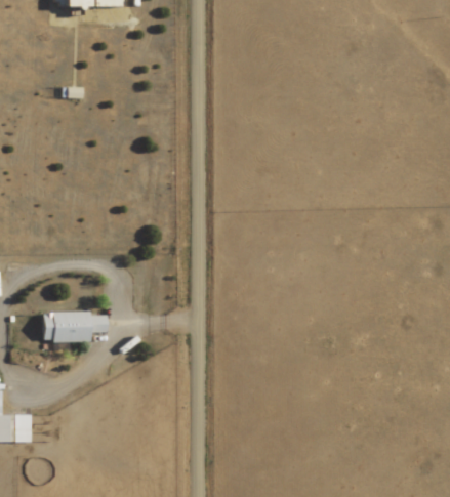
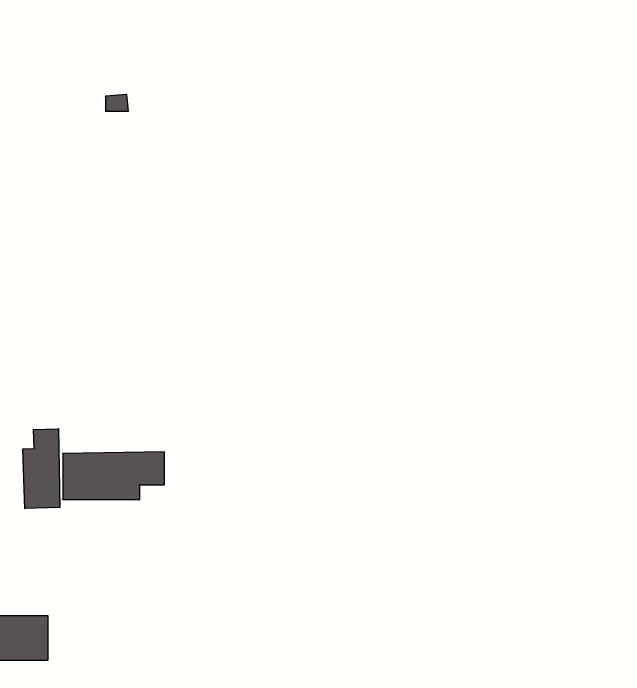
building: none -> [23,429,60,509]

